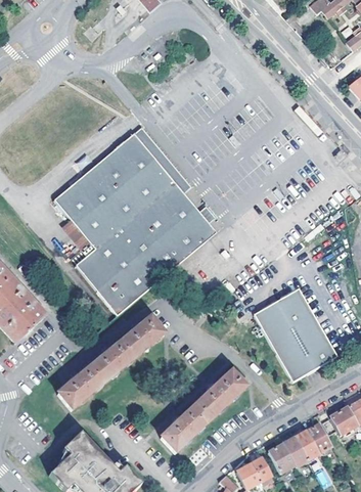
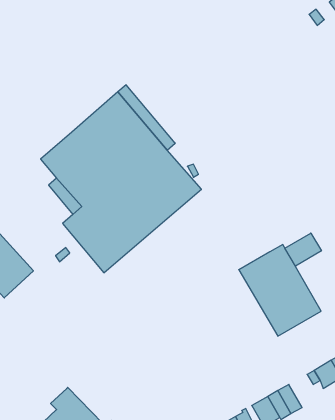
building: none -> [285,233,321,266]
building: [58,317,163,408] -> none
building: [161,371,245,452] -> none
building: [305,422,331,453] -> none

